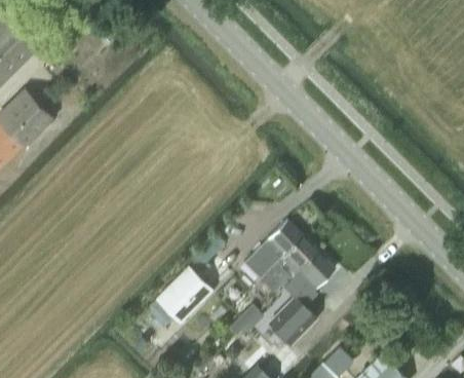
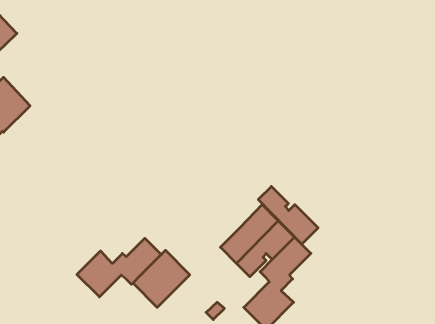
building: none -> [258,186,318,244]
building: none -> [77,238,161,297]

